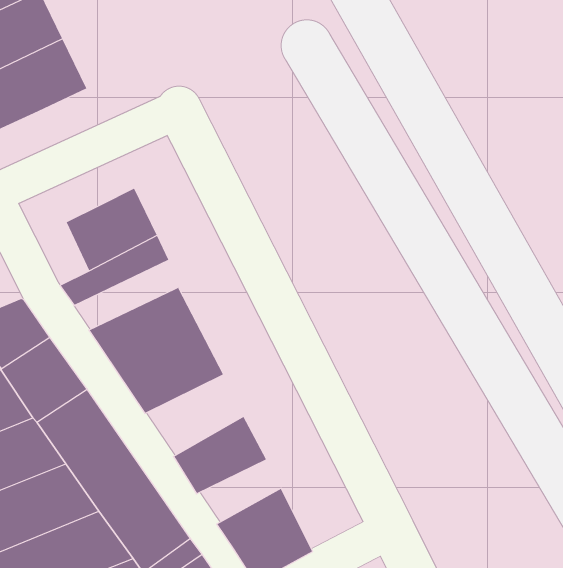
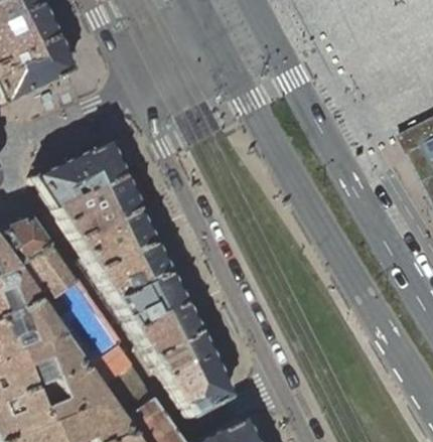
building: none -> [33,166,75,210]
building: none -> [64,192,140,242]
building: none -> [114,273,183,330]
building: none -> [150,332,209,378]

